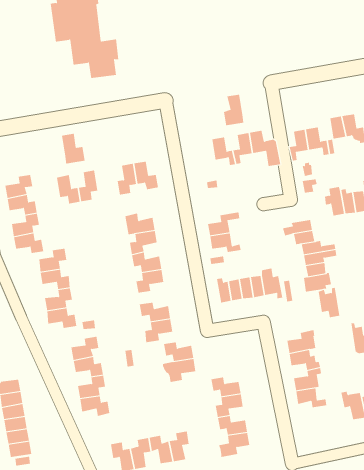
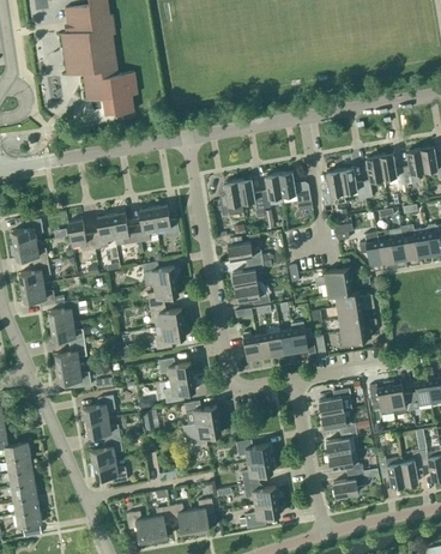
building: [223,94,244,126] -> [219,182,242,217]
building: [61,133,85,164] -> [110,213,137,247]
building: none -> [228,237,267,265]
building: [318,287,340,318] -> [369,383,393,416]
building: none -> [332,470,377,498]

